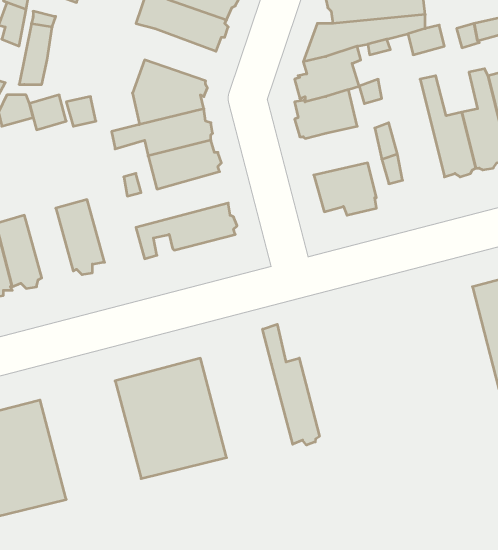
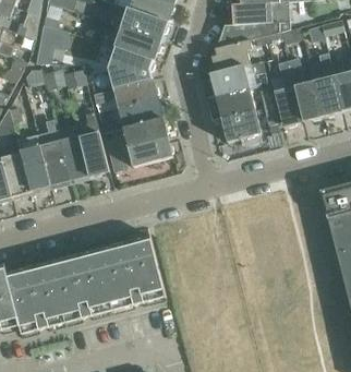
building: none -> [104,27,160,60]
building: none -> [273,59,302,127]
building: none -> [215,88,254,119]
building: none -> [106,117,167,152]
building: none -> [37,118,70,187]
building: none -> [76,120,109,177]
building: [263,324,319,445] -> none
building: none -> [49,248,112,322]

